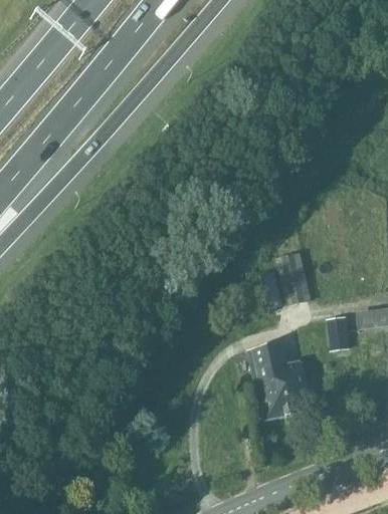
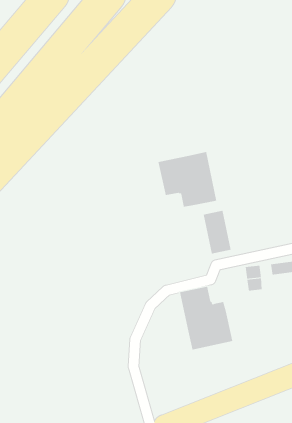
building: none -> [158,151,217,207]

